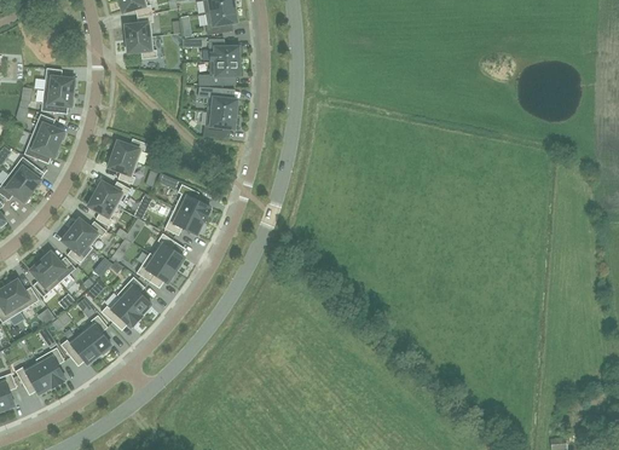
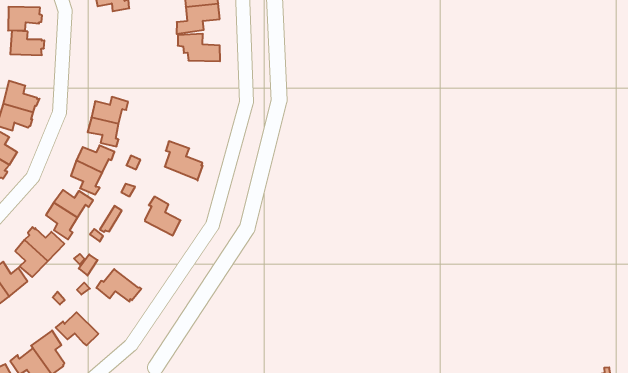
building: [41,90,74,112] -> [8,7,42,31]
building: [204,111,236,134] -> none
building: [164,207,203,236] -> none
building: [137,253,177,284] -> none
building: [117,277,151,316] -> none
building: [81,316,111,354] -> none

